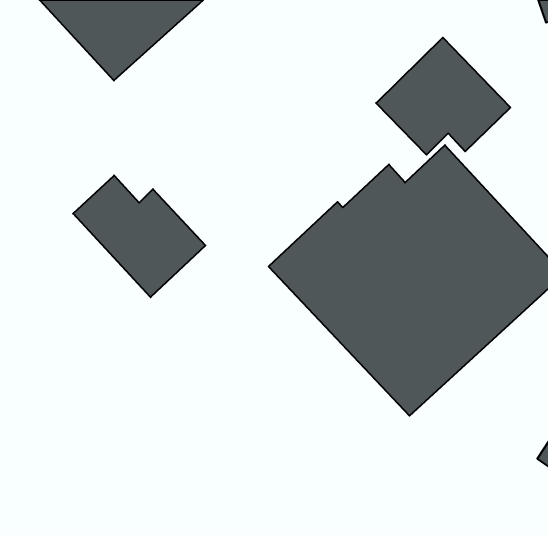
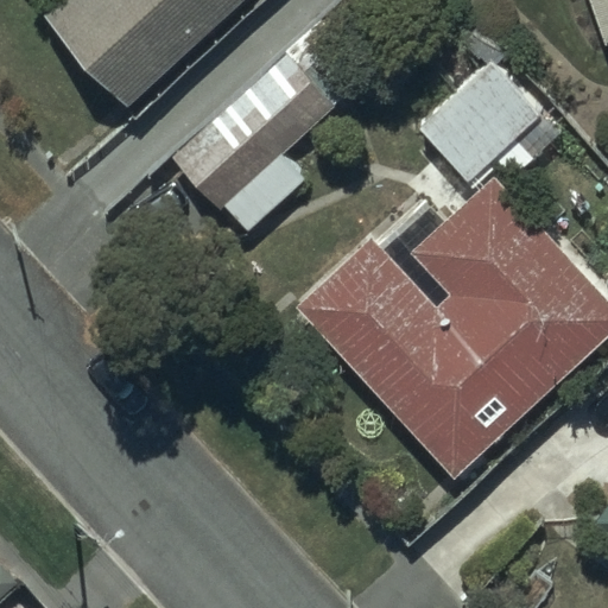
building: none -> [171,20,374,232]
building: [73,175,205,297] -> none

